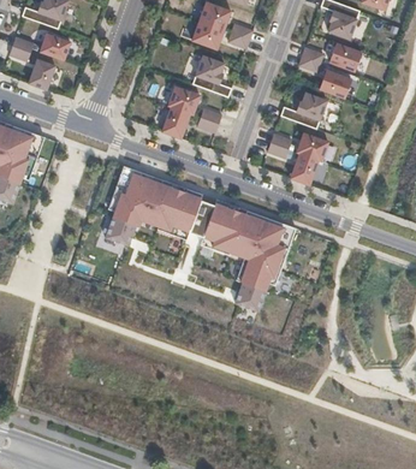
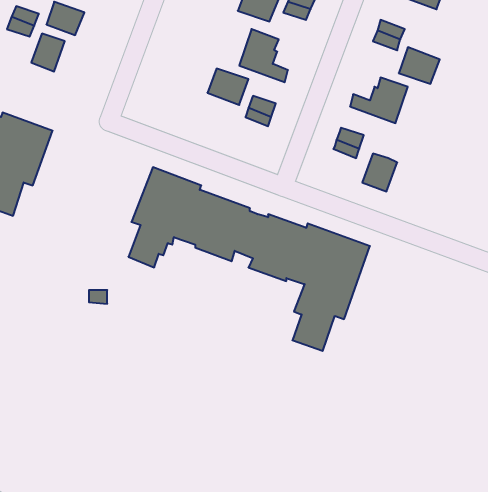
building: [329,43,361,72] -> none
building: [162,107,190,137] -> none
building: [296,132,328,162] -> none

